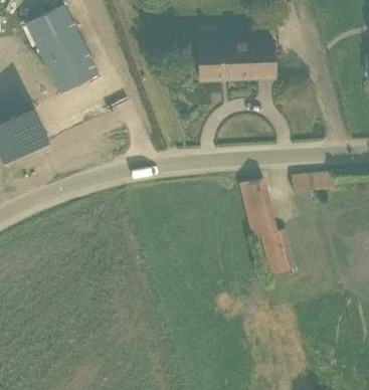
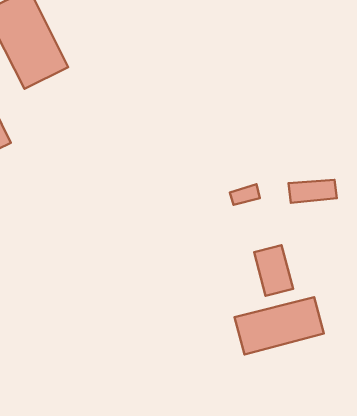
building: [197,41,274,81] -> none
building: none -> [234,297,324,354]

